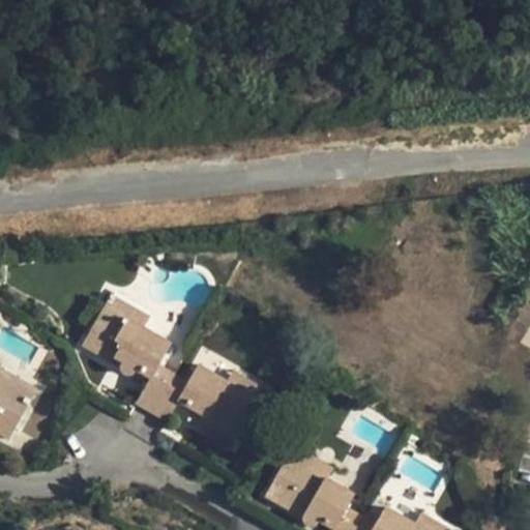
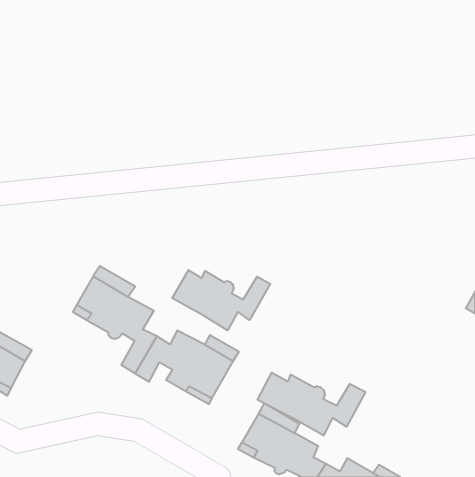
building: none -> [172,270,270,330]
building: none -> [257,373,365,436]

